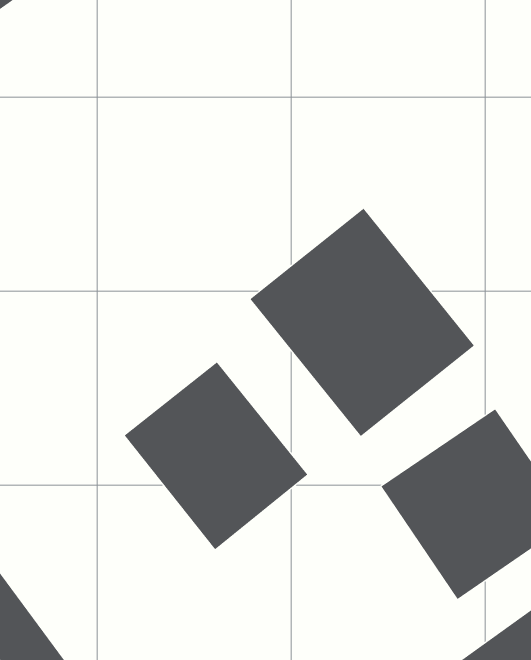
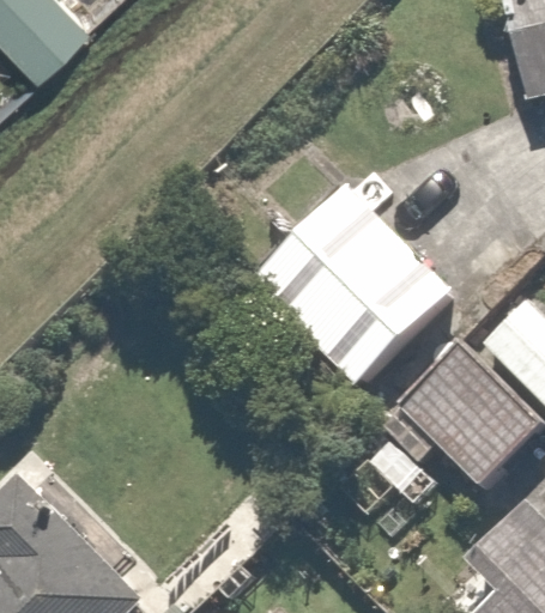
building: [124,361,308,550] -> none

